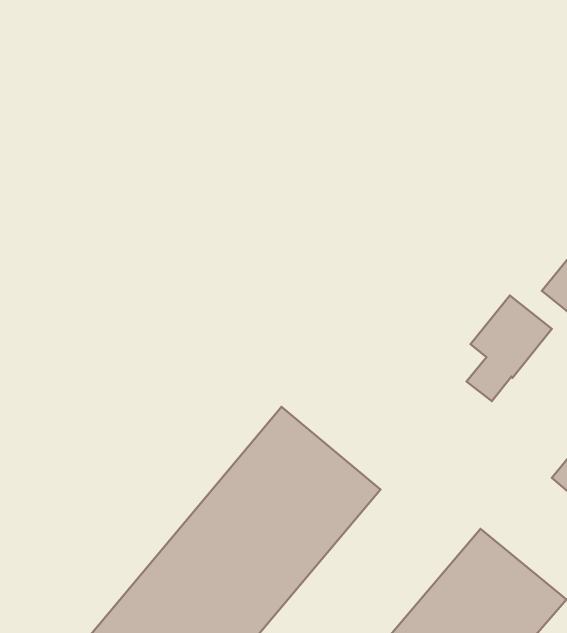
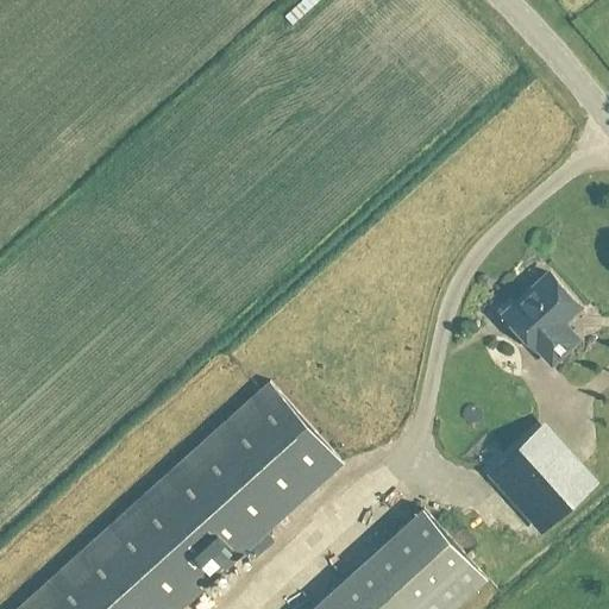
building: [467,295,552,401] -> none

